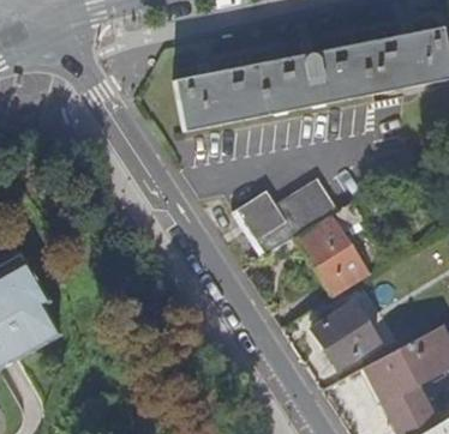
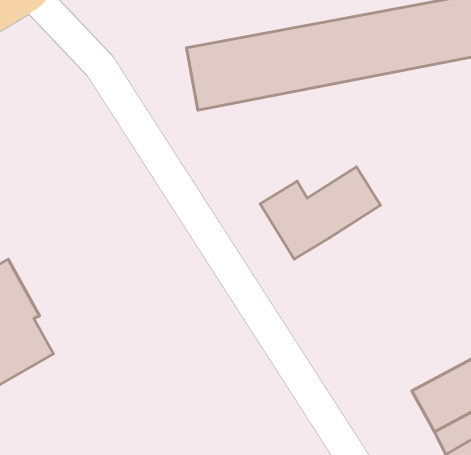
building: [294,200,369,297] -> none
building: [310,302,376,367] -> none

